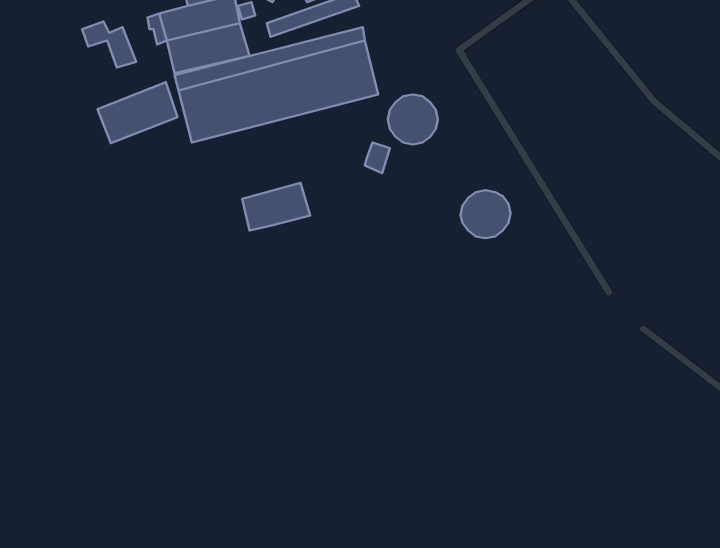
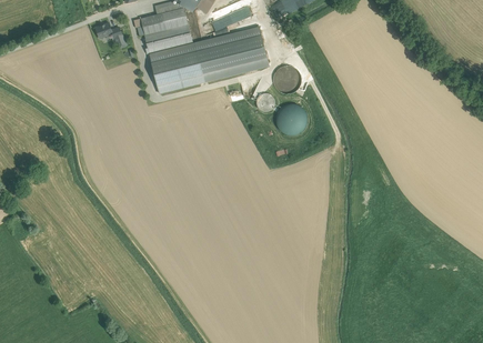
building: [97,82,177,143] -> none
building: [242,183,310,231] -> none
building: [460,190,510,238] -> [278,107,306,134]

